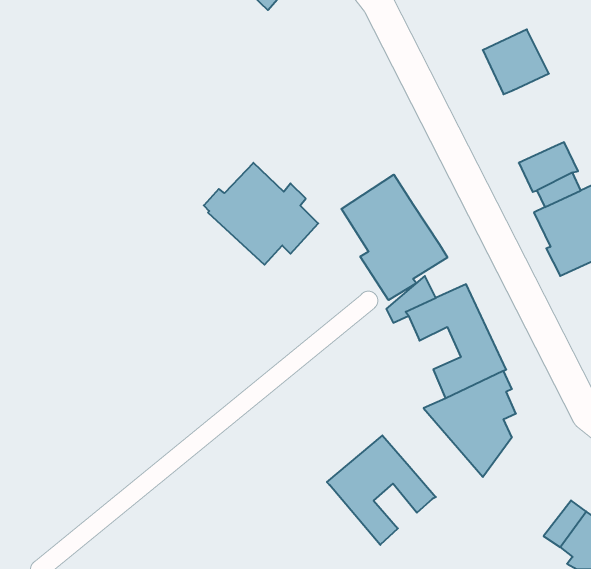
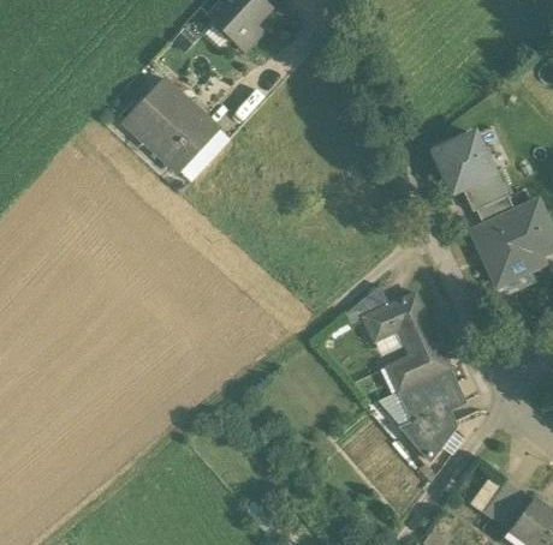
building: [483,29,549,94] -> [435,134,493,191]
building: [204,163,318,265] -> [119,78,219,167]
building: [341,175,447,300] -> none
building: [327,435,436,545] -> none

